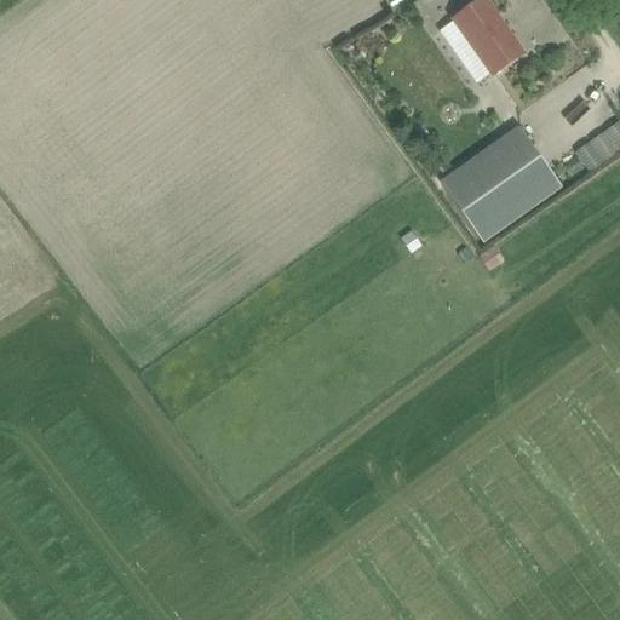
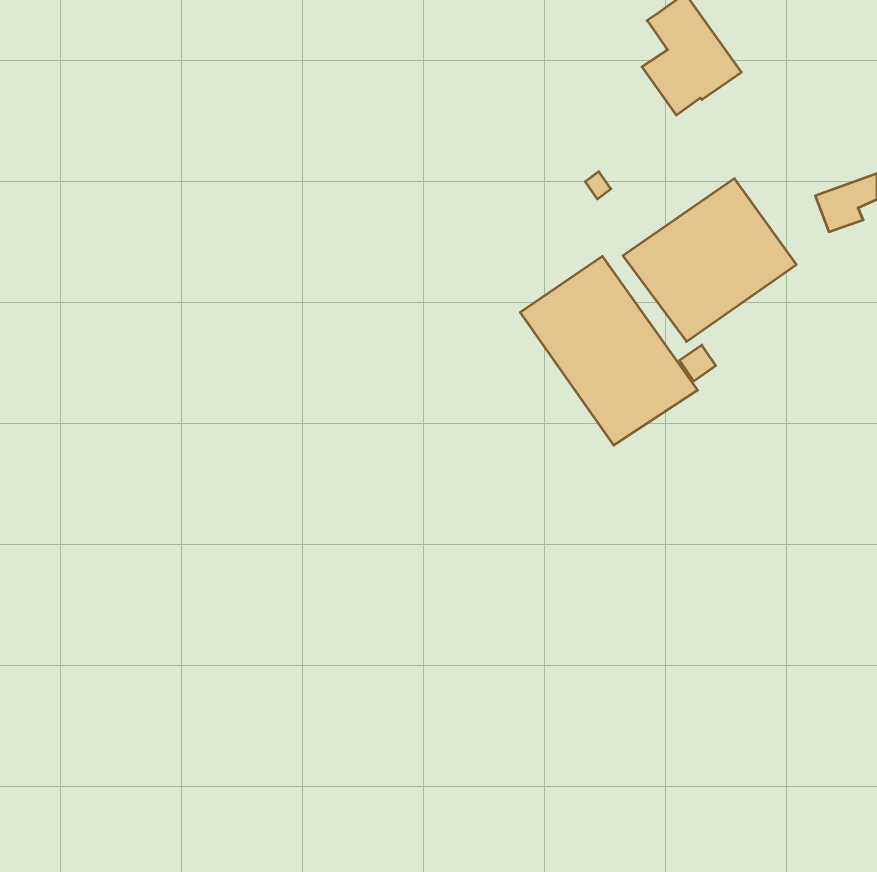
building: none -> [520,256,698,445]

